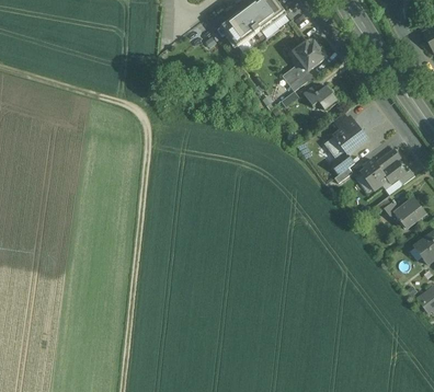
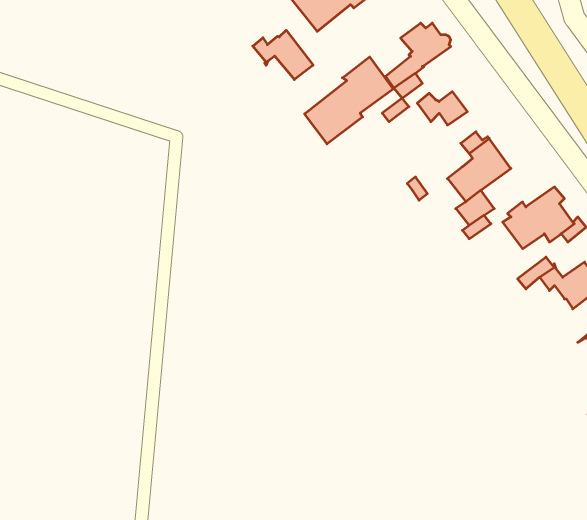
building: none -> [253,30,313,80]
building: none -> [305,57,393,144]

